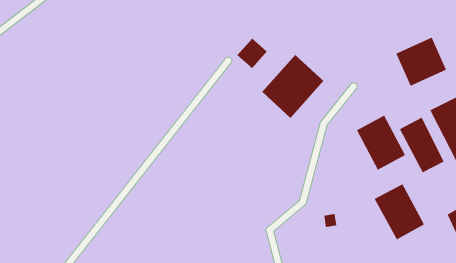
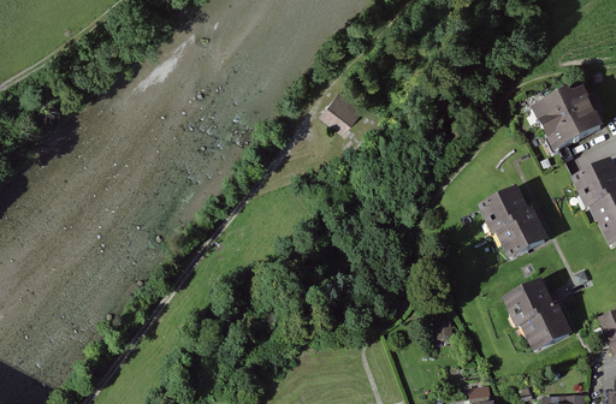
building: [261,54,324,119] -> none
building: [399,117,445,173] -> none

